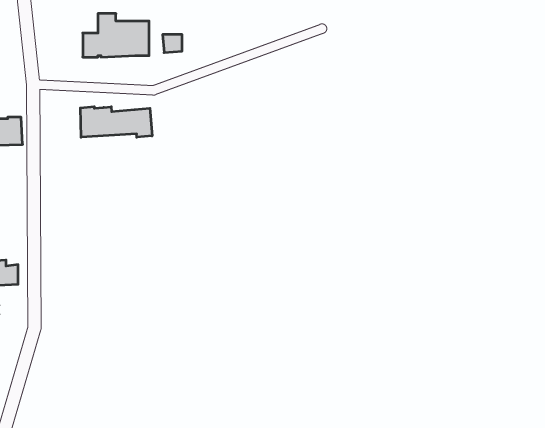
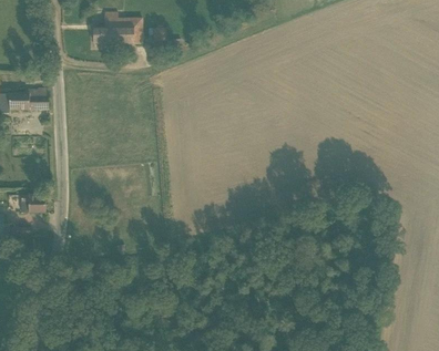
building: [80,107,152,137] -> none

